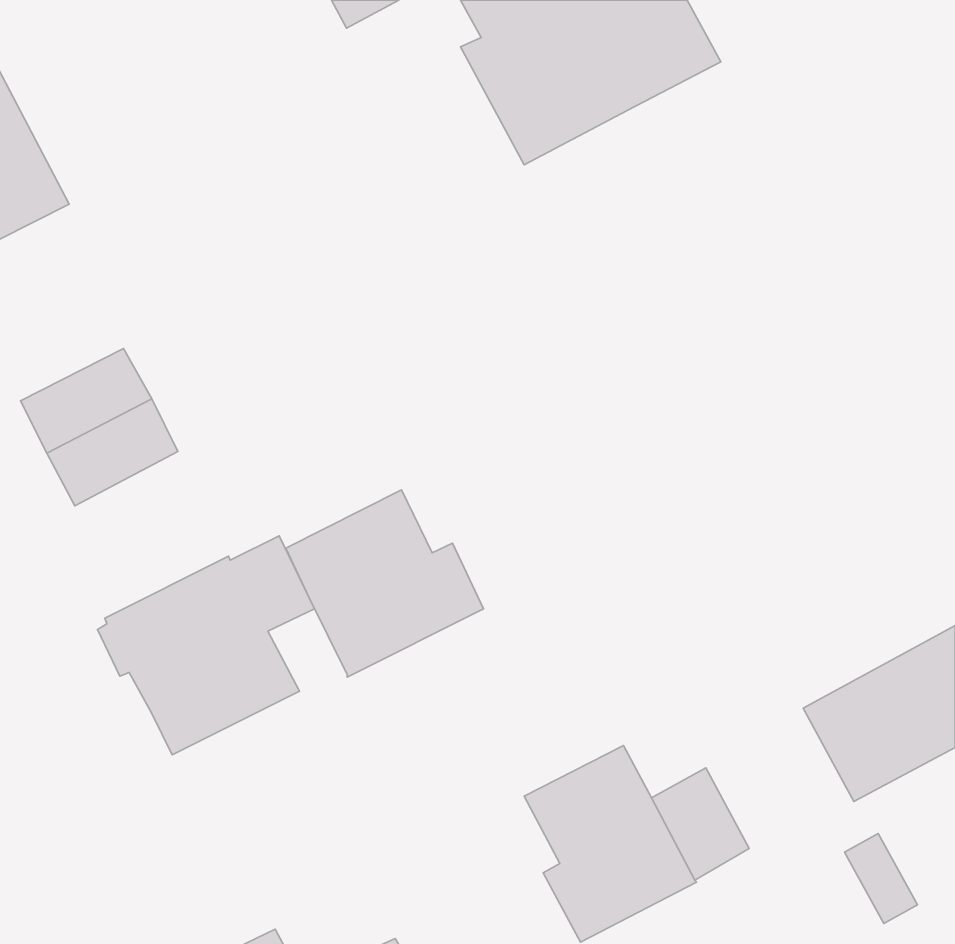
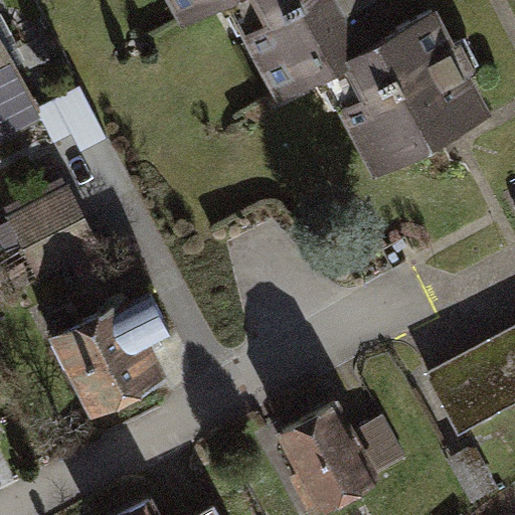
building: none -> [337,17,484,172]
building: [286,490,483,677] -> none

